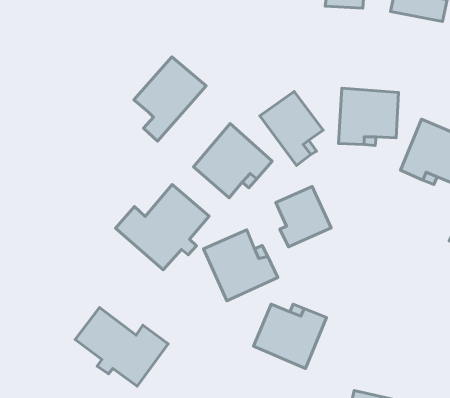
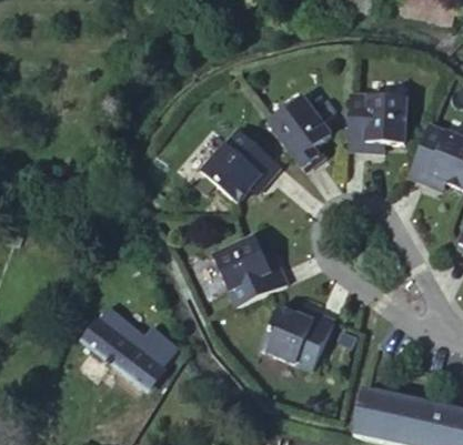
building: [134,57,206,141] -> none
building: [116,185,209,270] -> none
building: [276,186,331,247] -> none

